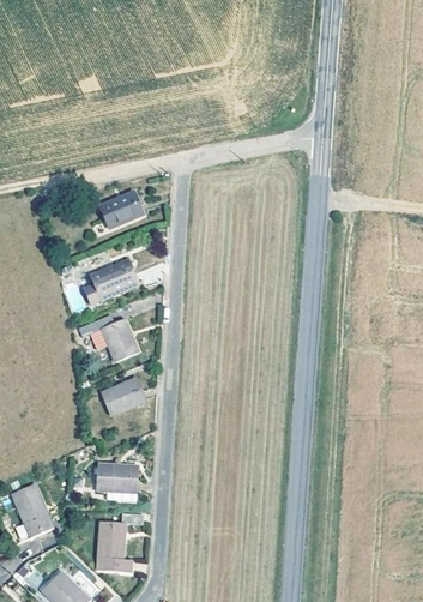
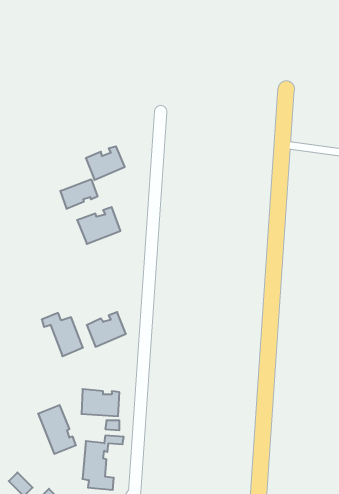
building: none -> [60,179,97,209]
building: [92,315,138,363] -> [42,313,83,356]
building: [12,484,54,538] -> [38,405,76,454]

